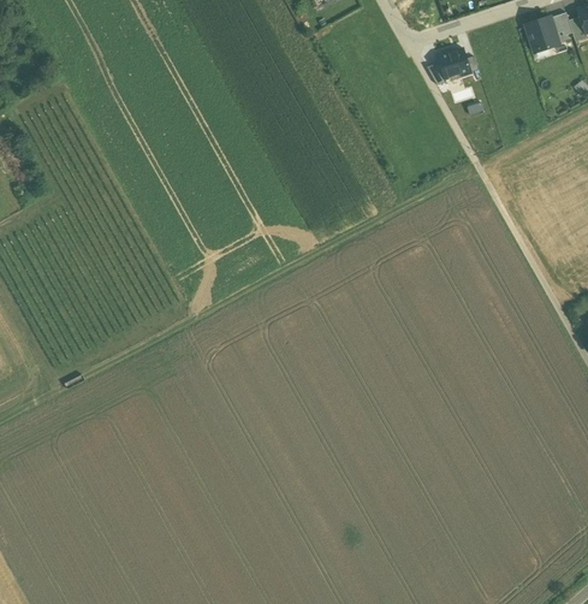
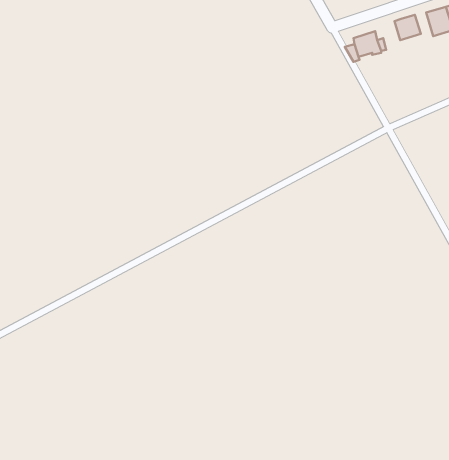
building: none -> [395,15,421,40]

